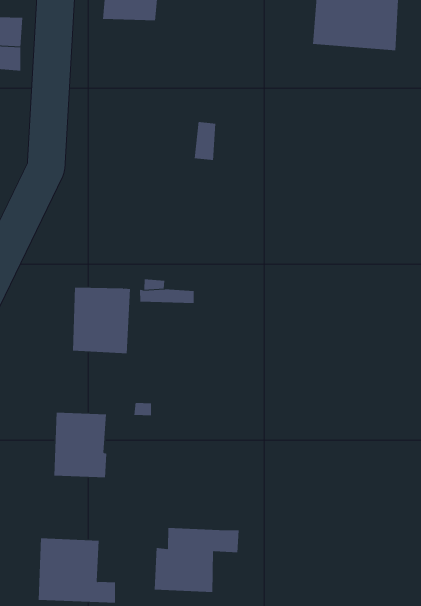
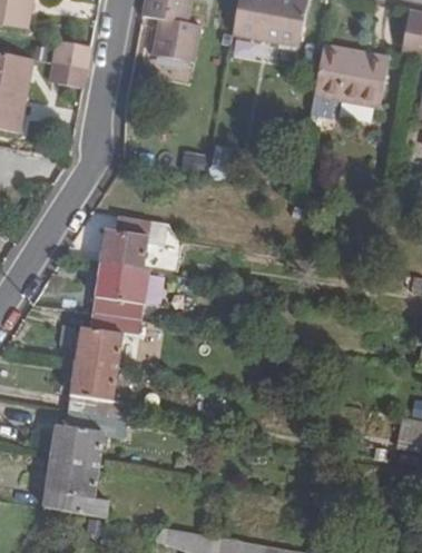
building: none -> [102,216,149,269]
building: none -> [76,314,138,367]
building: [154,528,240,592] -> [51,411,125,466]

